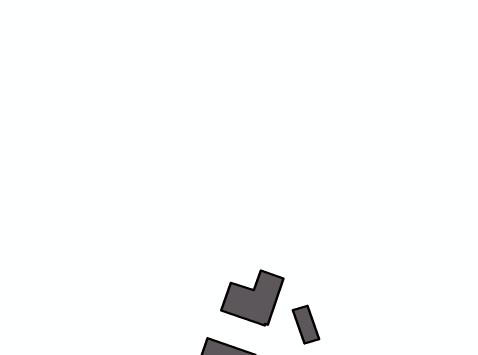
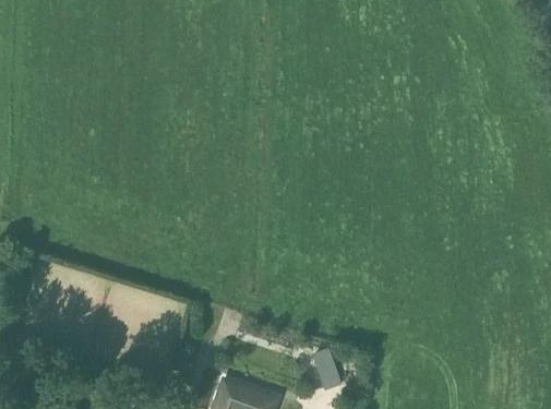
building: [221,270,283,326] -> none

